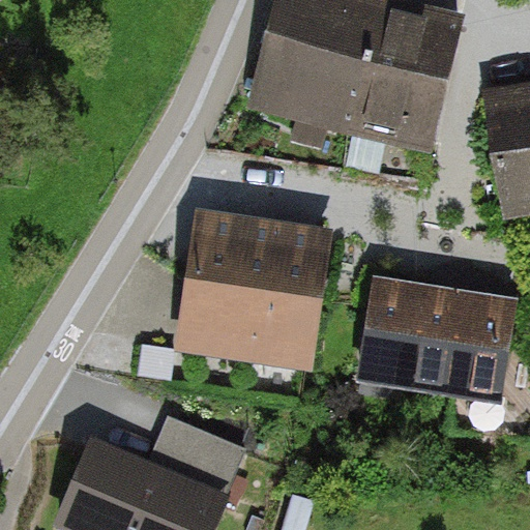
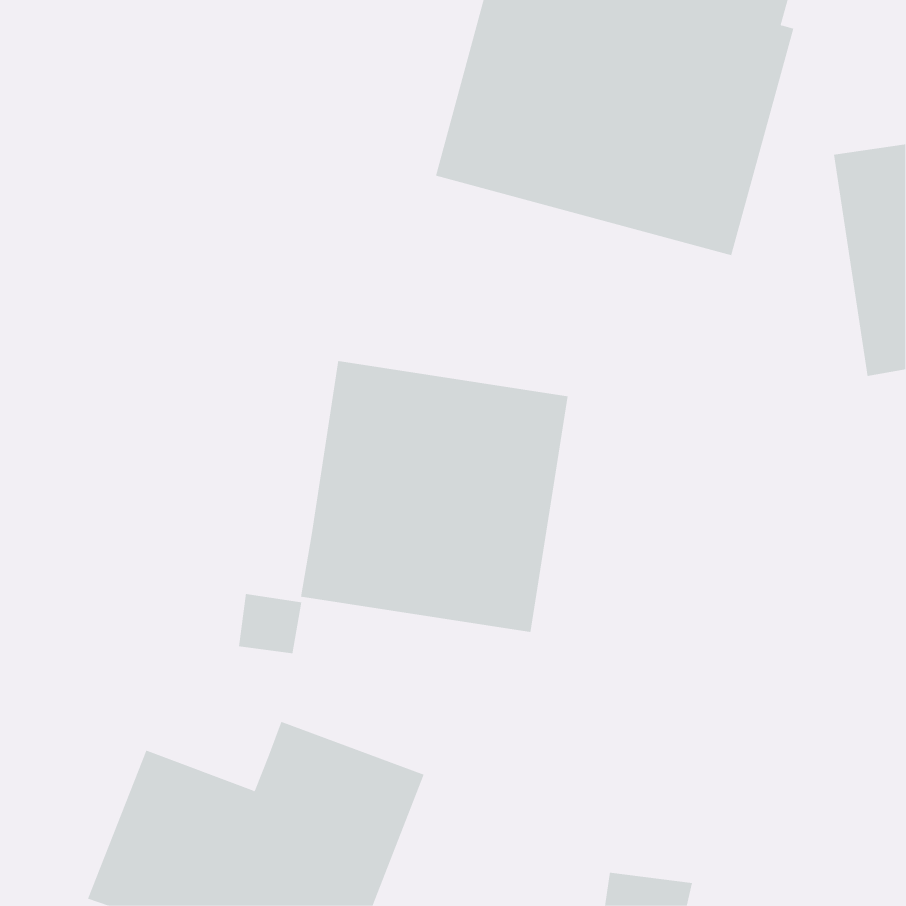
building: [358,278,518,402] -> none

